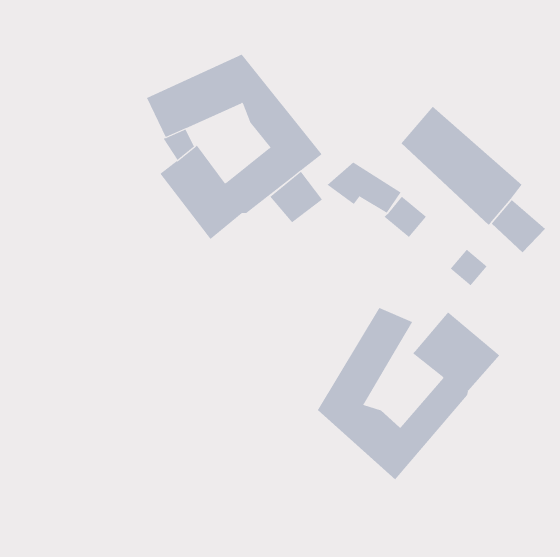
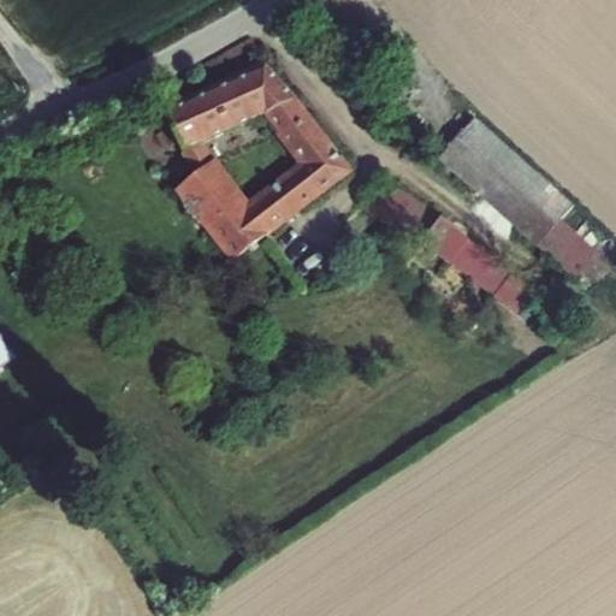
building: [269,171,323,223] -> none
building: none -> [448,237,508,292]
building: [317,307,500,480] -> none

